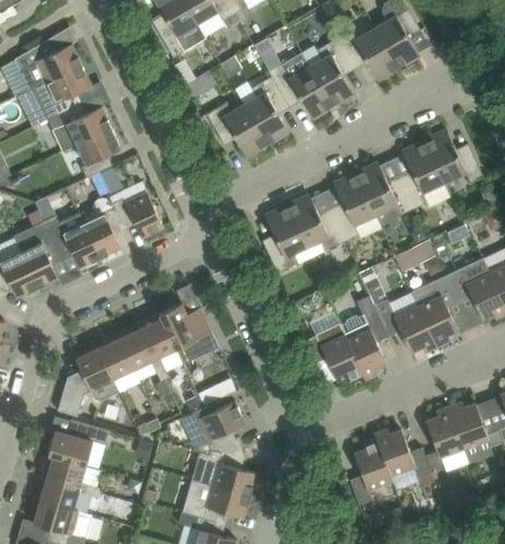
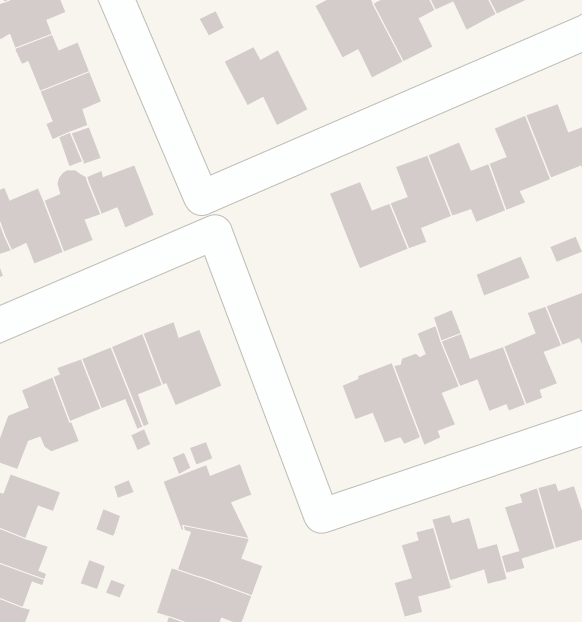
building: [244,77,290,146] -> none
building: [261,205,307,274] -> none

